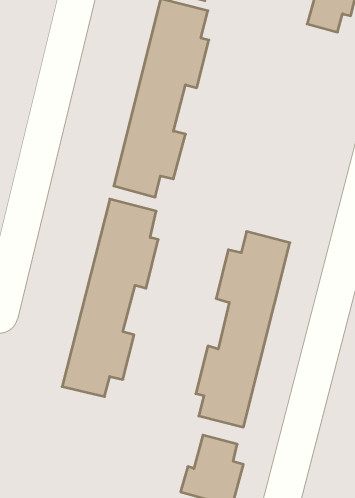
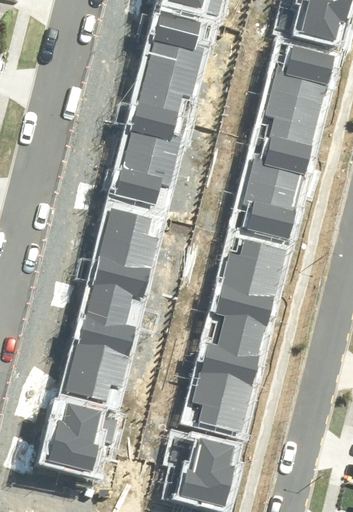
building: none -> [242,44,335,237]
building: none -> [45,402,102,469]

